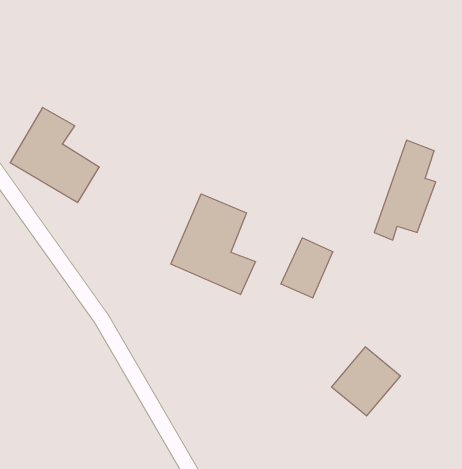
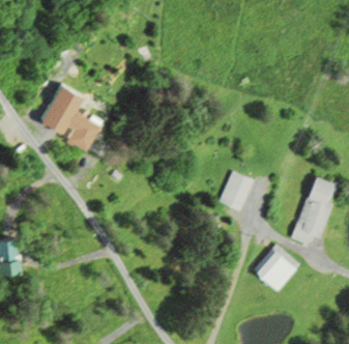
building: [374,140,436,240] -> [293,175,335,242]
building: [171,194,256,295] -> none

